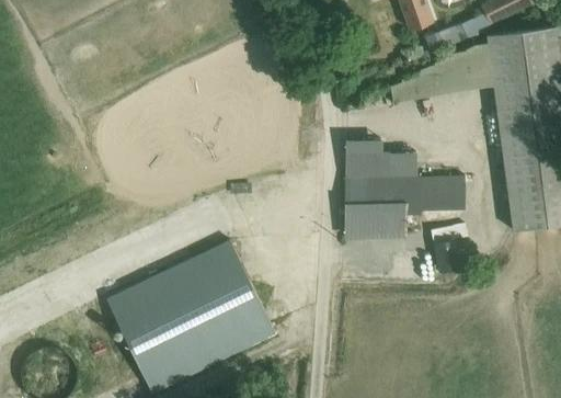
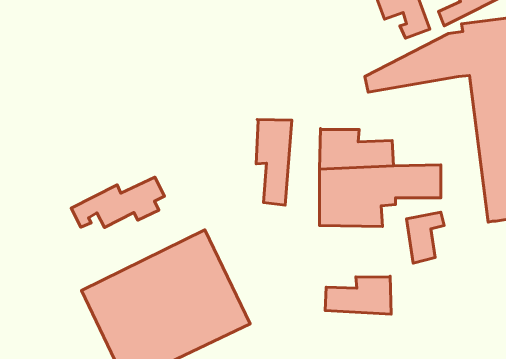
building: none -> [256,119,292,205]
building: none -> [71,177,164,227]
building: none -> [325,276,391,314]

